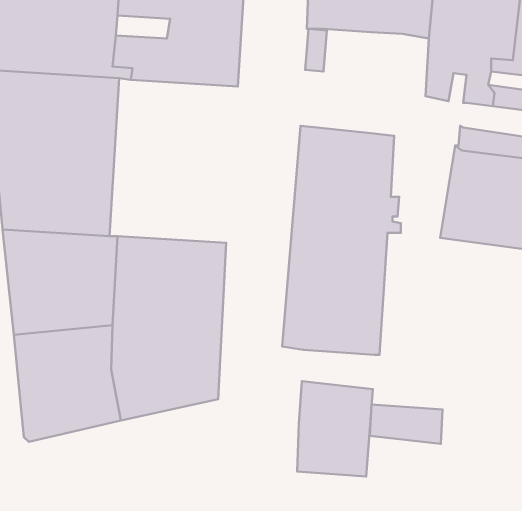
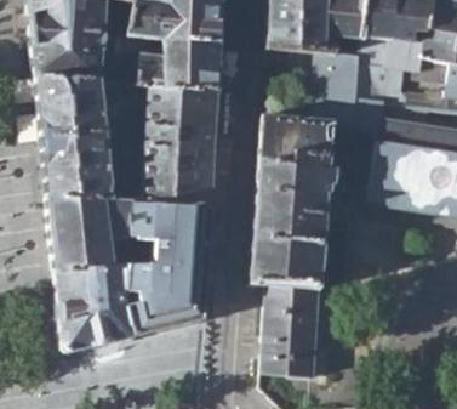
building: none -> [312,47,387,131]
building: none -> [124,81,218,203]
building: [370,404,442,444] -> [265,282,319,311]

